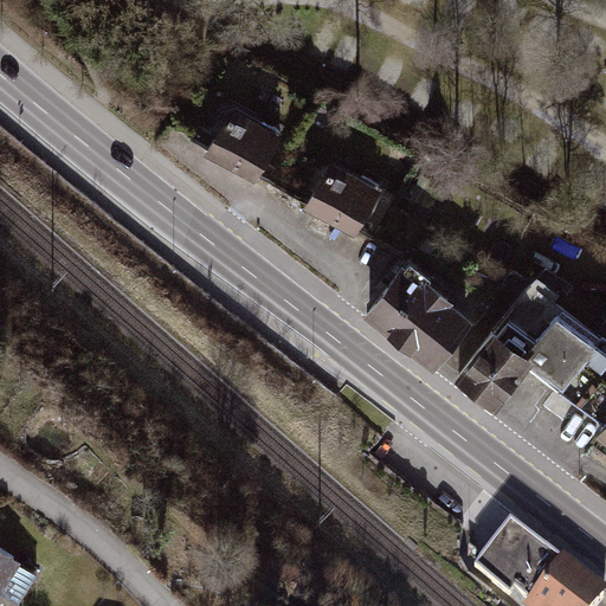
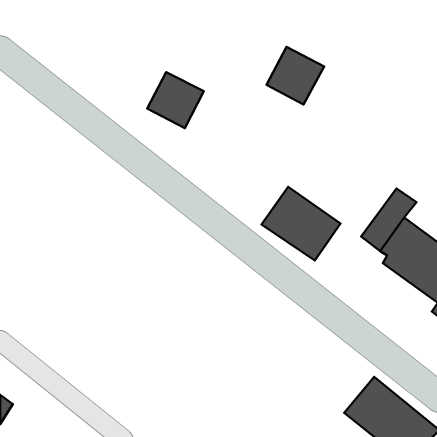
building: [305,156,385,236] -> [267,47,324,105]
building: [458,325,536,406] -> none

